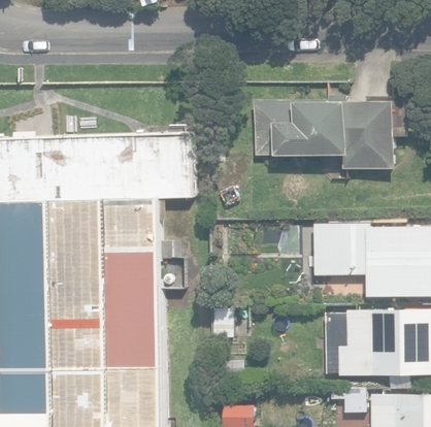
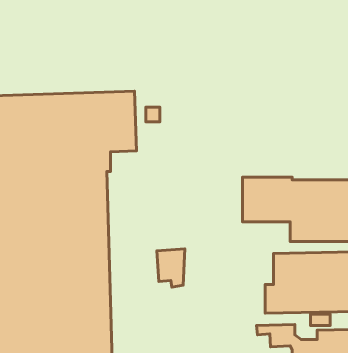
building: [251,94,395,171] -> none

